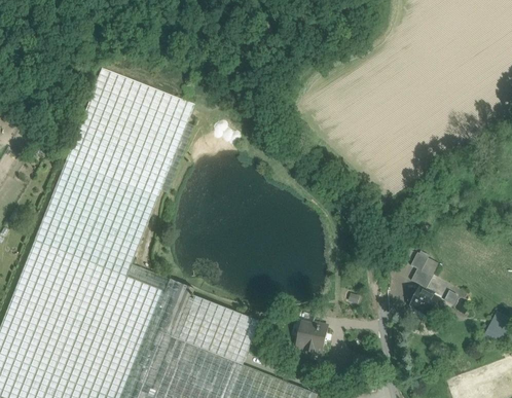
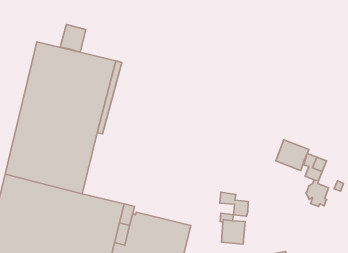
building: none -> [60,25,86,52]
building: none -> [276,140,309,170]
building: none -> [220,192,248,216]

